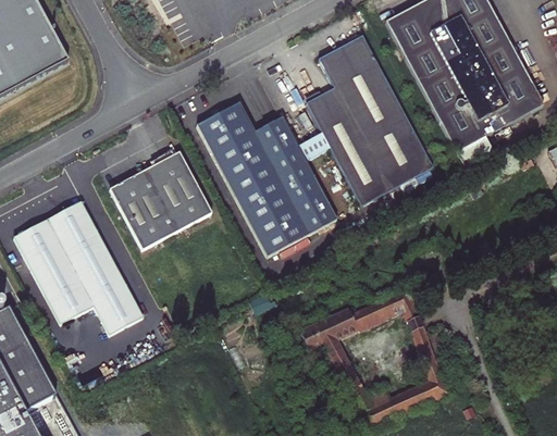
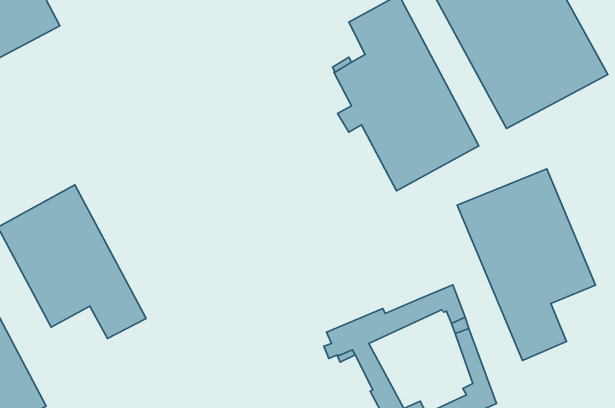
building: [196,101,336,257] -> none
building: [109,151,212,249] -> none
building: none -> [457,169,596,361]

